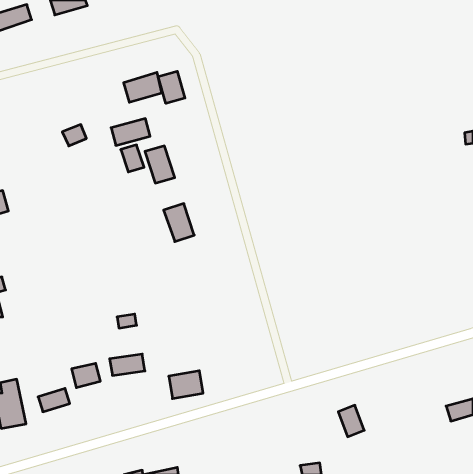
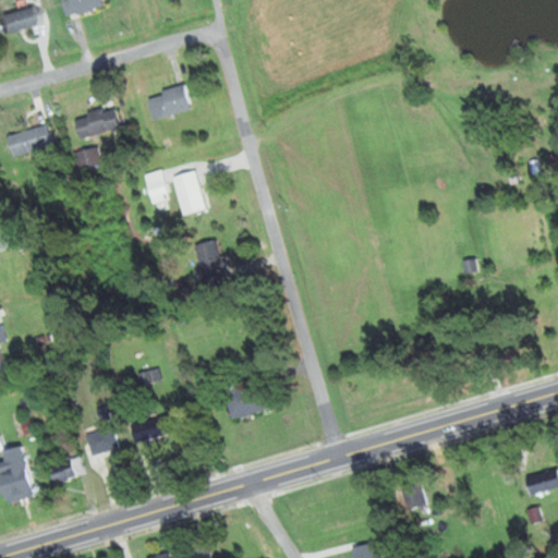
building: [158,71,185,103] -> none
building: none -> [7,126,51,158]
building: [111,119,150,145] -> [72,108,118,140]
building: [169,371,203,399] -> [223,386,264,418]

